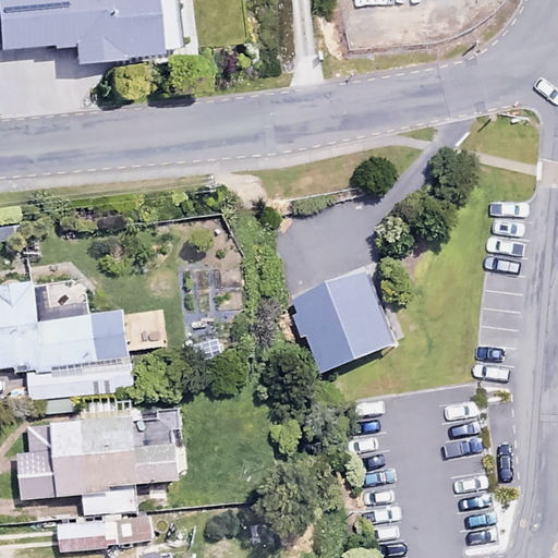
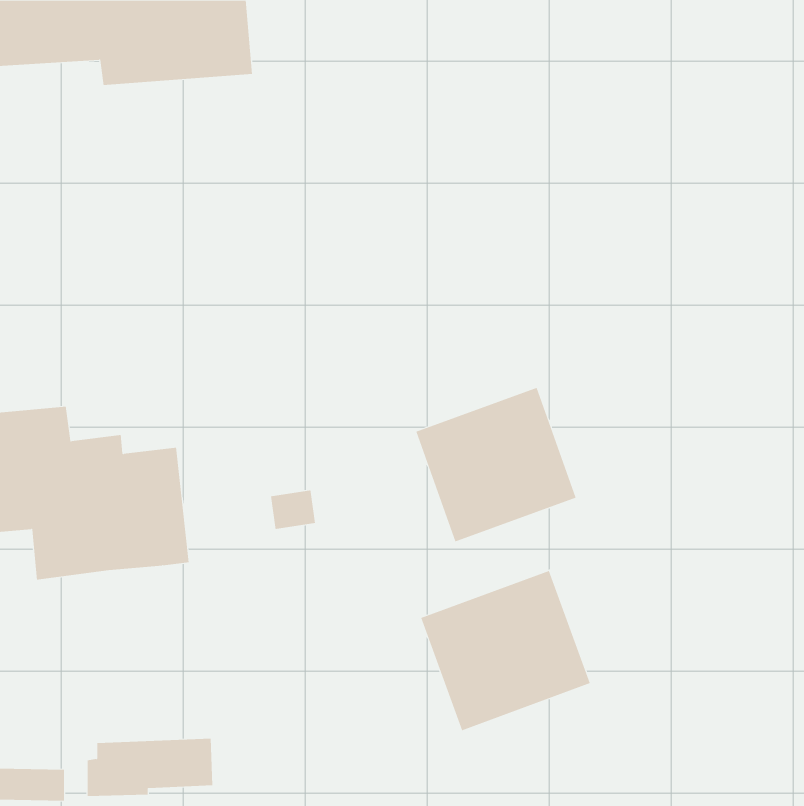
building: [17,391,180,497] -> none
building: none -> [421,570,591,731]

